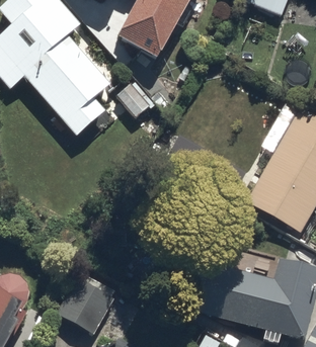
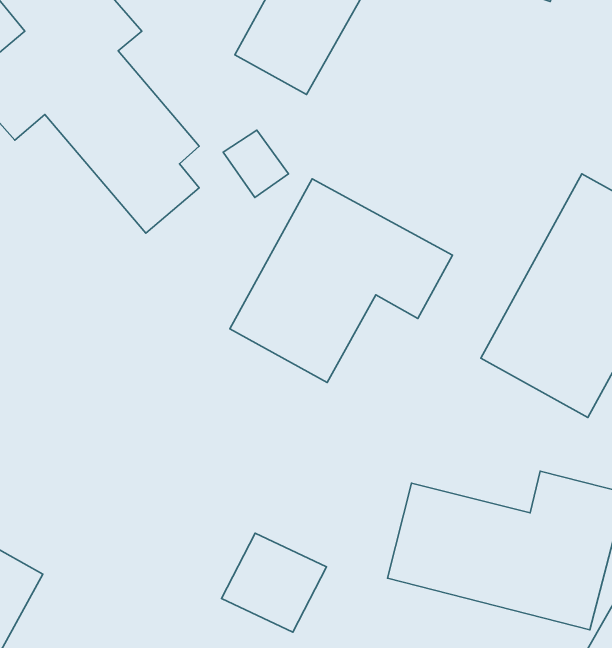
building: none -> [230,179,453,382]
building: [56,282,109,333] -> [222,533,327,632]

